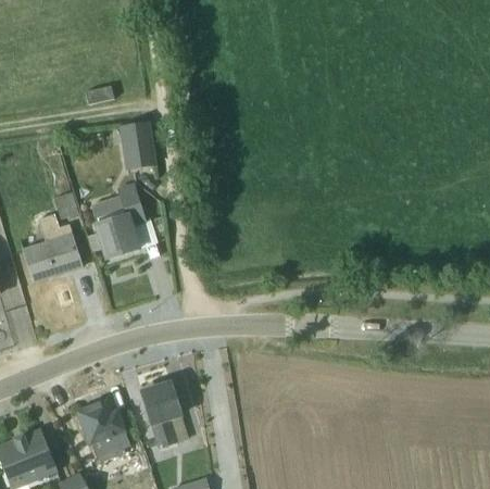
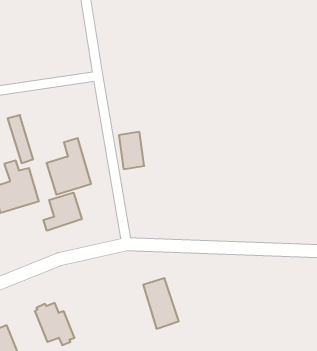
building: [121,121,154,170] -> [119,132,144,169]
building: none -> [43,193,82,231]
building: [141,381,188,448] -> [143,278,179,329]

